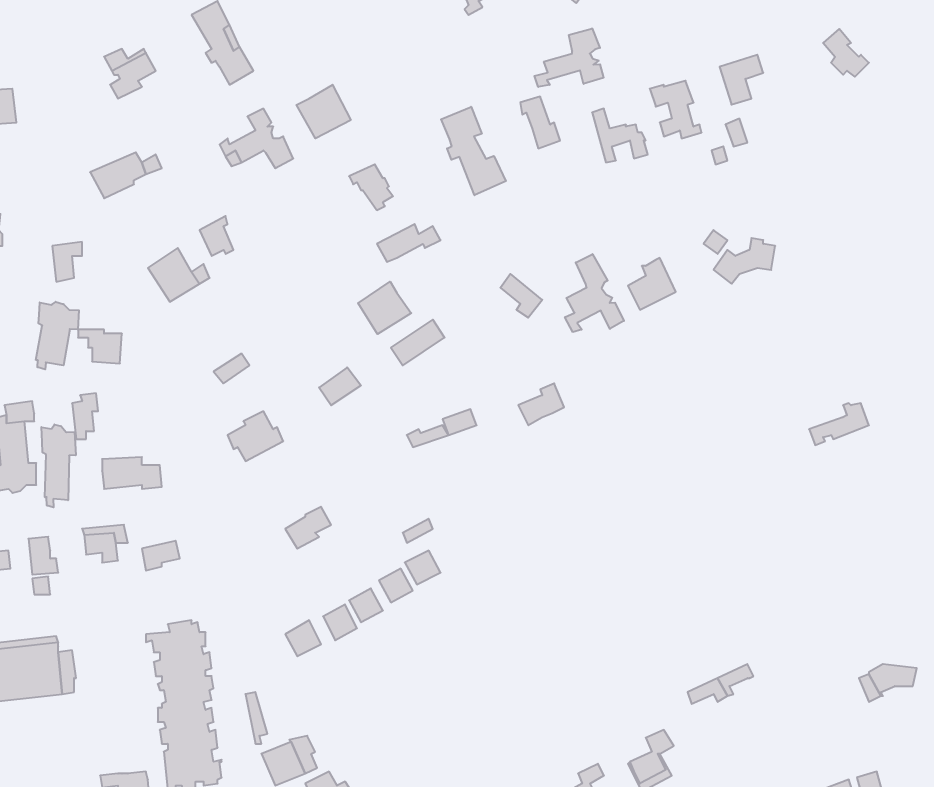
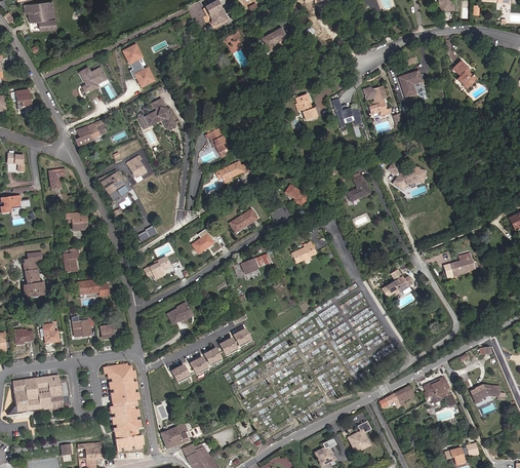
building: [534,28,604,87] -> none
building: [296,85,351,138] -> none
building: [441,107,506,195] -> none
building: [565,254,624,332] -> none
building: [358,282,411,334] -> none
building: [36,302,79,369] -> none
building: [41,424,76,507] -> none
building: none -> [382,270,413,299]
building: none -> [426,376,456,404]

